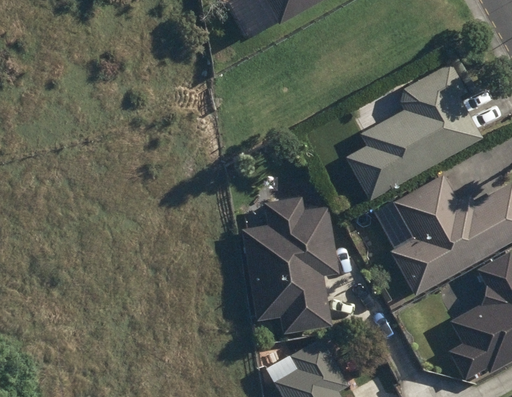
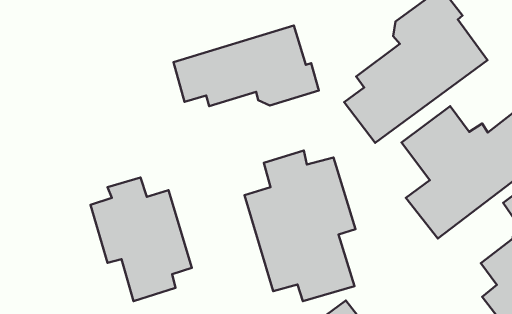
building: none -> [173,26,319,106]
building: none -> [90,177,192,301]

